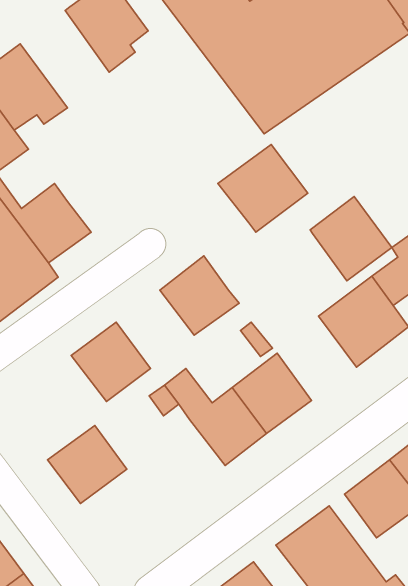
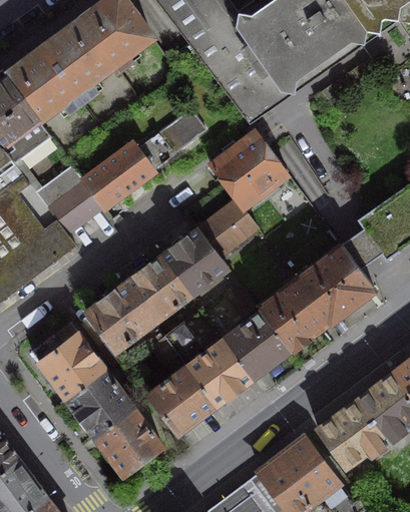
building: none -> [43,19,114,101]
building: none -> [83,108,207,206]
building: [310,197,392,281] -> [259,278,328,349]
building: none -> [198,198,258,255]
building: none -> [124,255,190,322]
building: none -> [32,323,106,399]
building: none -> [148,365,217,433]
building: none -> [94,407,162,474]

